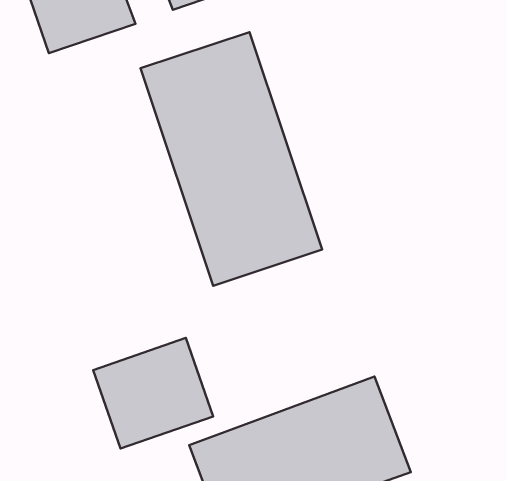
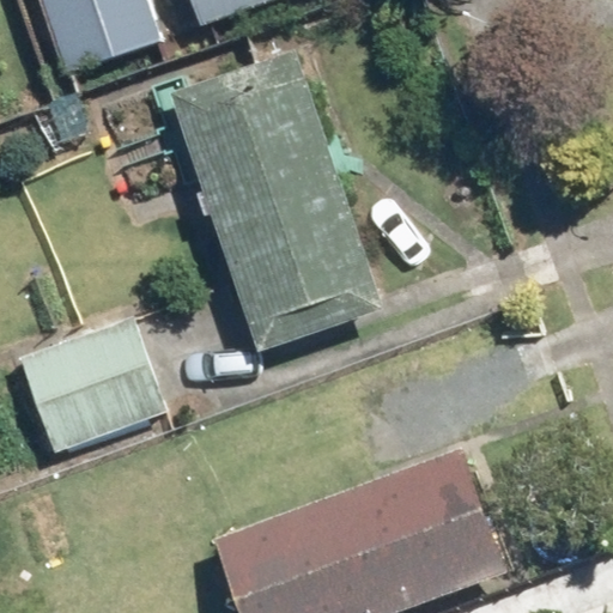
building: [93,338,213,449] -> [20,322,163,454]

